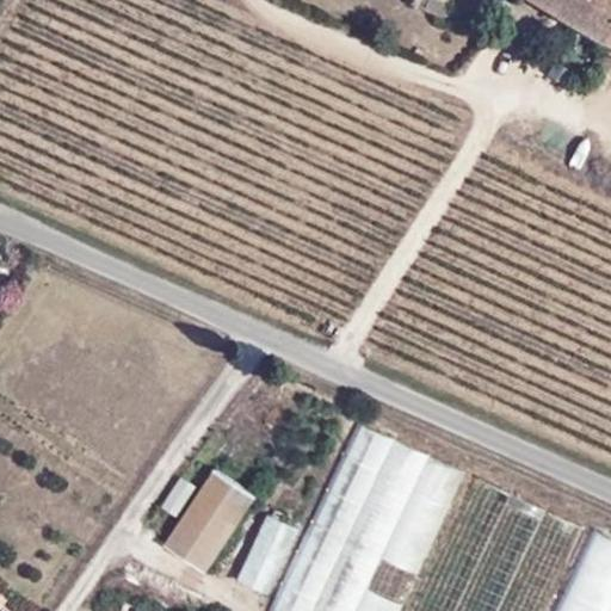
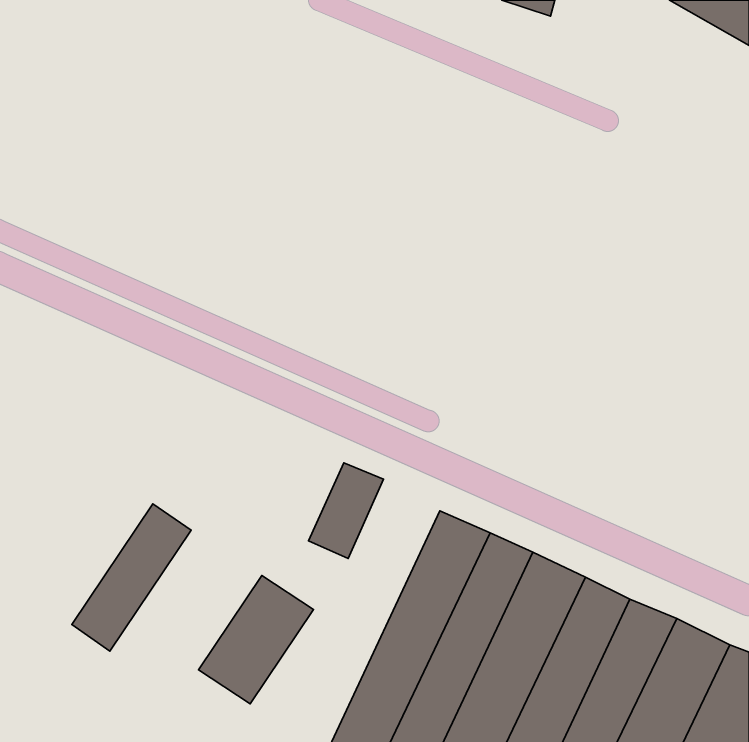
building: none -> [72,504,191,651]
building: [236,519,297,597] -> [308,463,384,559]

